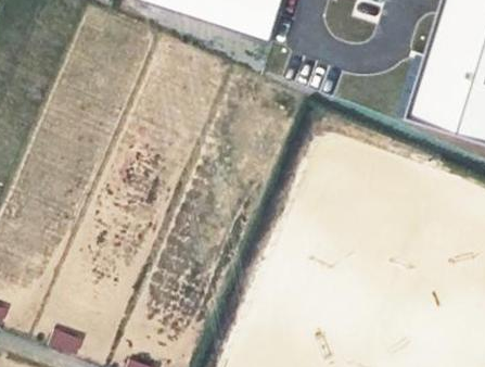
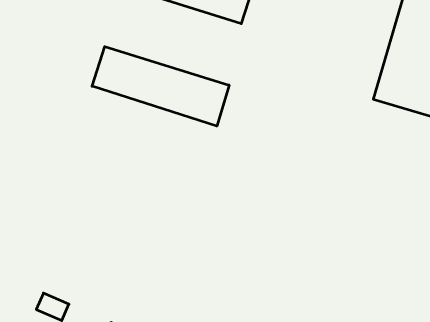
building: none -> [92,47,229,126]

